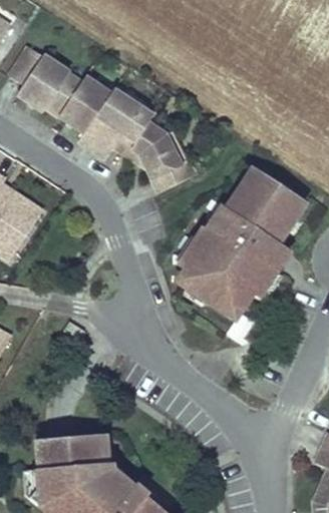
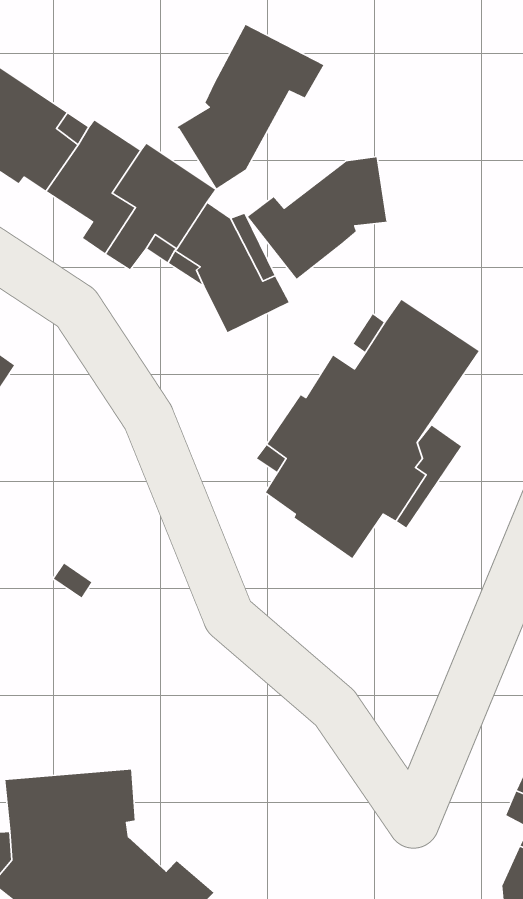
building: none -> [177,24,324,190]
building: none -> [247,156,388,280]

